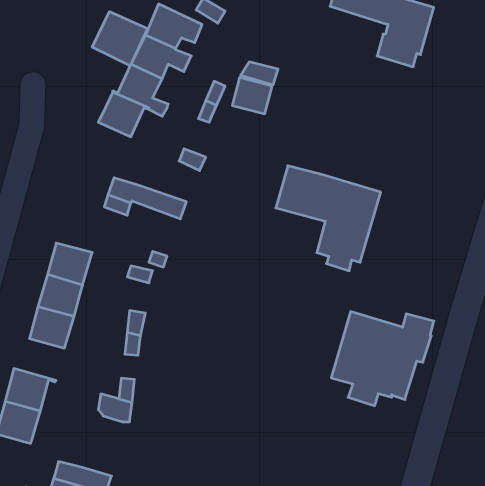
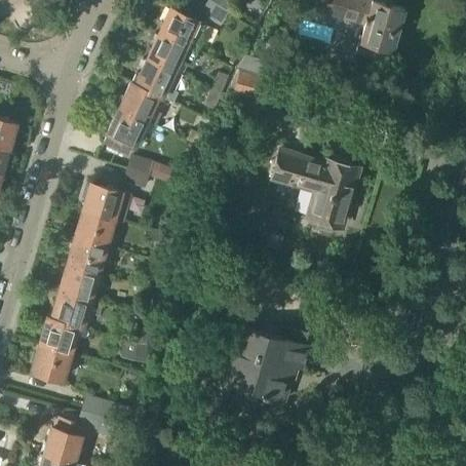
building: [92,12,147,66] -> none
building: none -> [105,108,147,153]
building: none -> [83,183,131,222]
building: [331,312,434,406] -> [222,325,309,405]
building: none -> [47,292,103,327]

